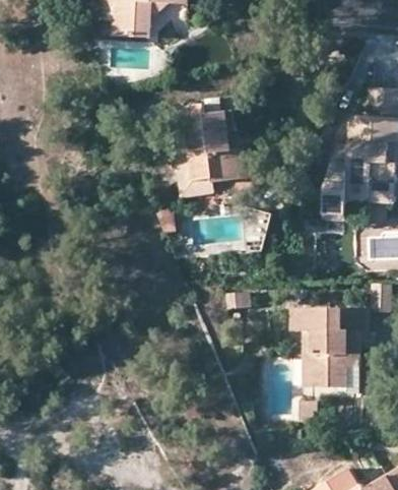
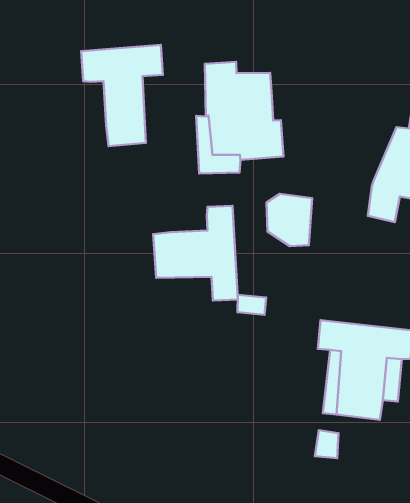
building: none -> [81,45,163,146]
building: none -> [153,206,238,300]

